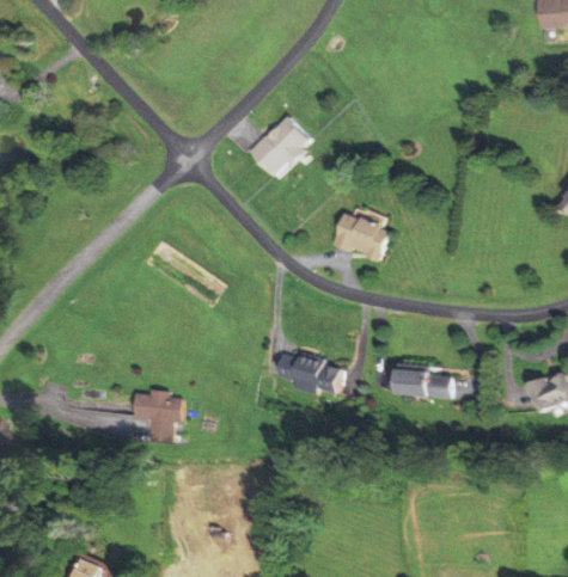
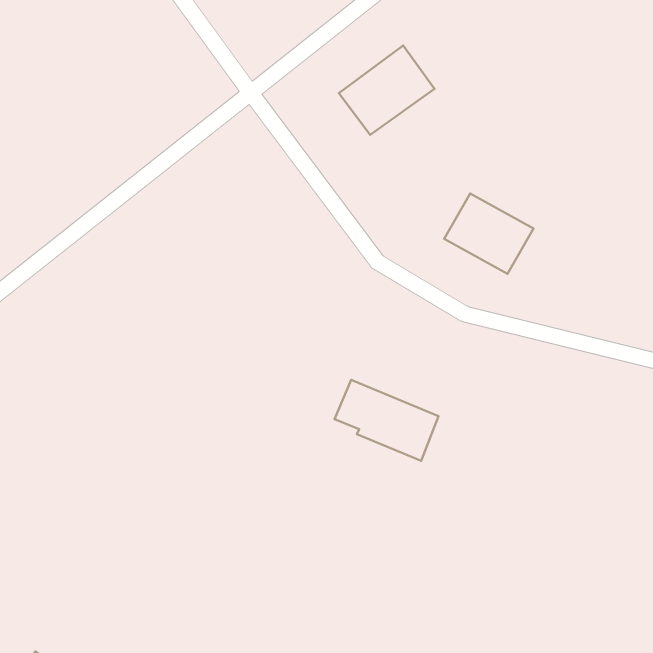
building: [392,367,453,399] -> none
building: [136,388,184,444] -> none

